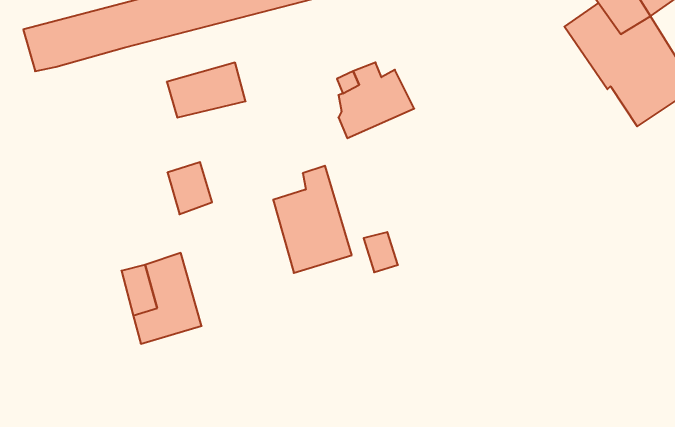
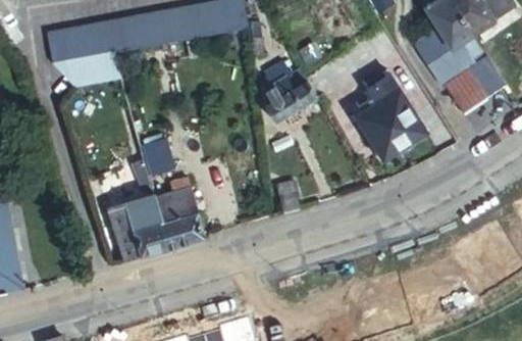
building: [167,63,246,118] -> [65,55,119,93]
building: none -> [355,76,426,157]
building: [273,166,352,273] -> [151,173,205,246]

